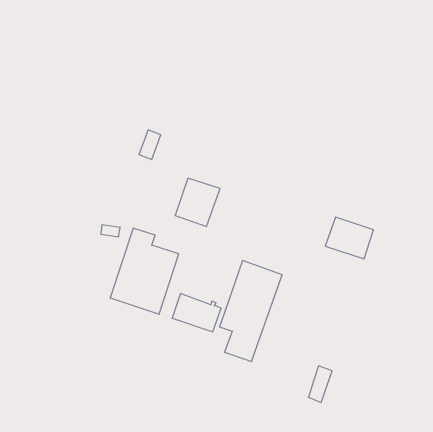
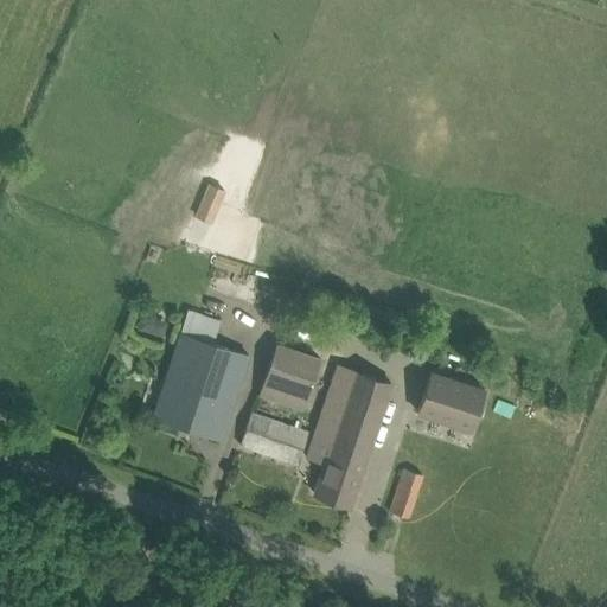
building: [175,178,220,227] -> [258,344,321,411]
building: [325,217,374,259] -> [417,373,485,432]
building: [308,366,332,402] -> [390,468,423,519]

